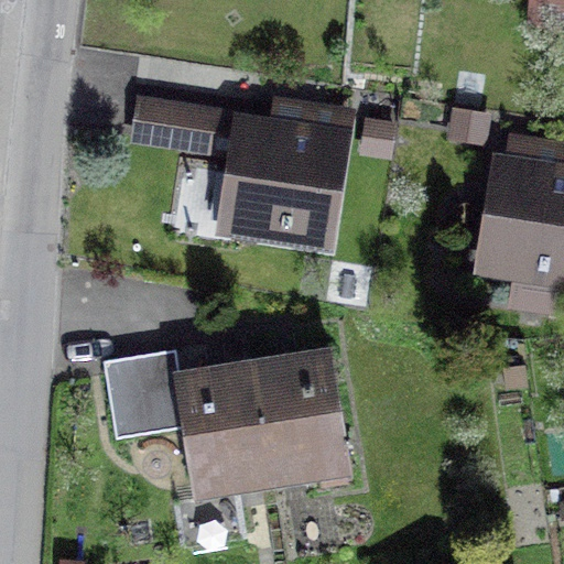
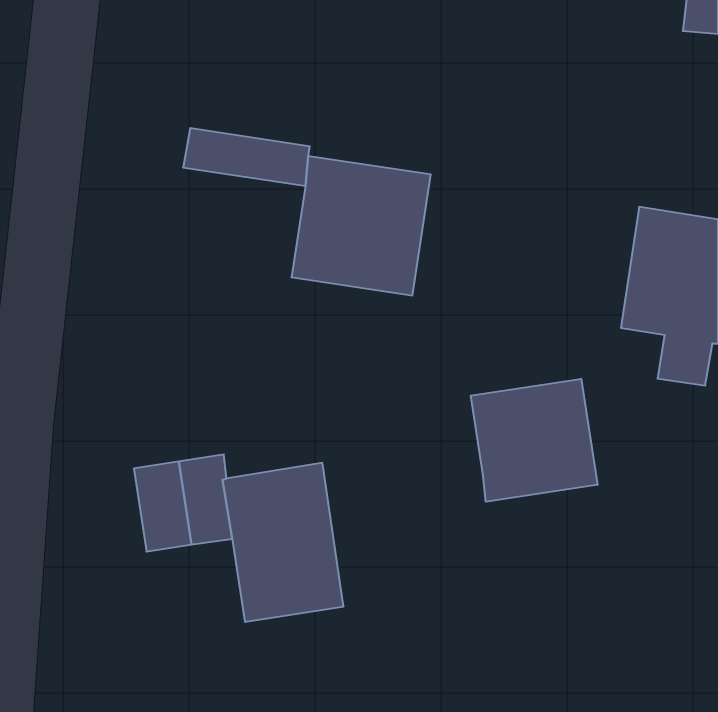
building: none -> [471,379,597,502]
building: [252,350,348,475] -> none

